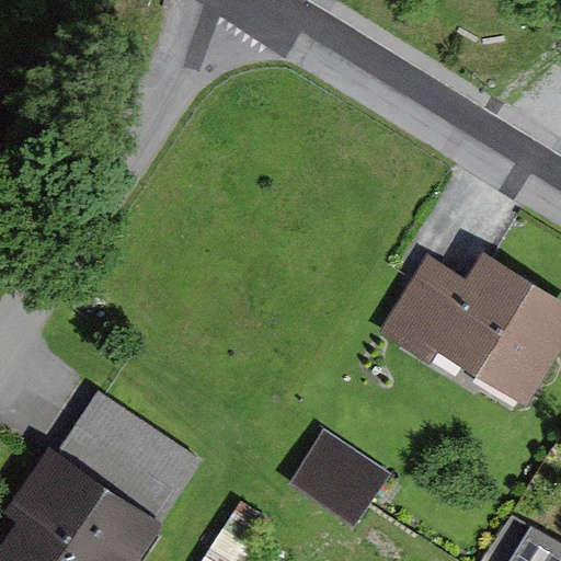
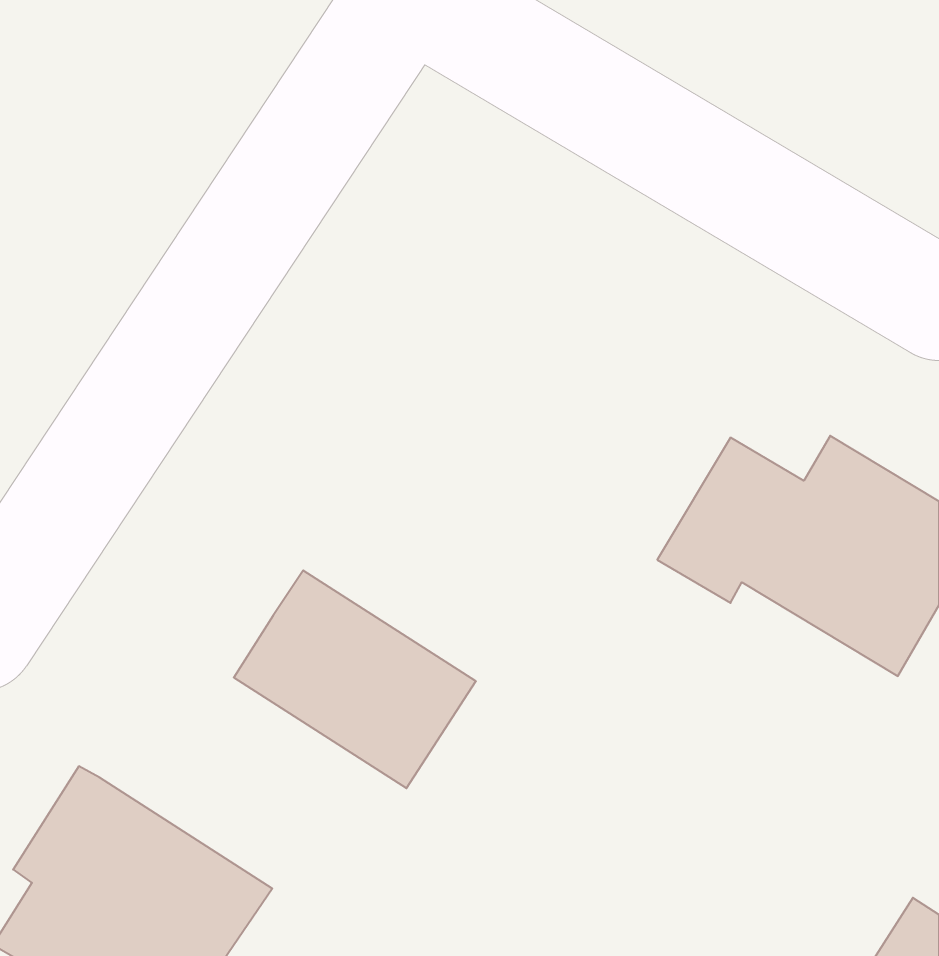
building: [58,393,199,520] -> [234,570,476,788]
building: [290,435,386,525] -> none

